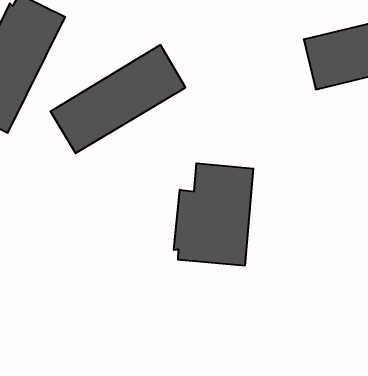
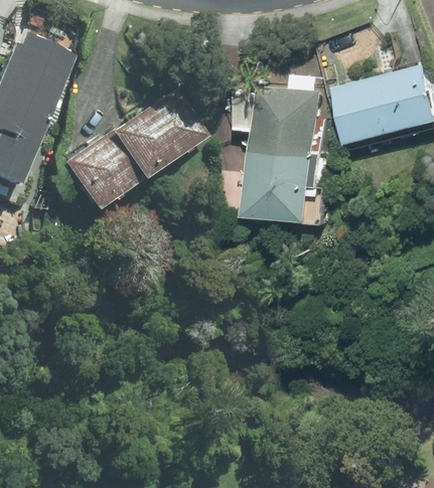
building: none -> [233,90,320,221]
building: [174,163,253,266] -> none

